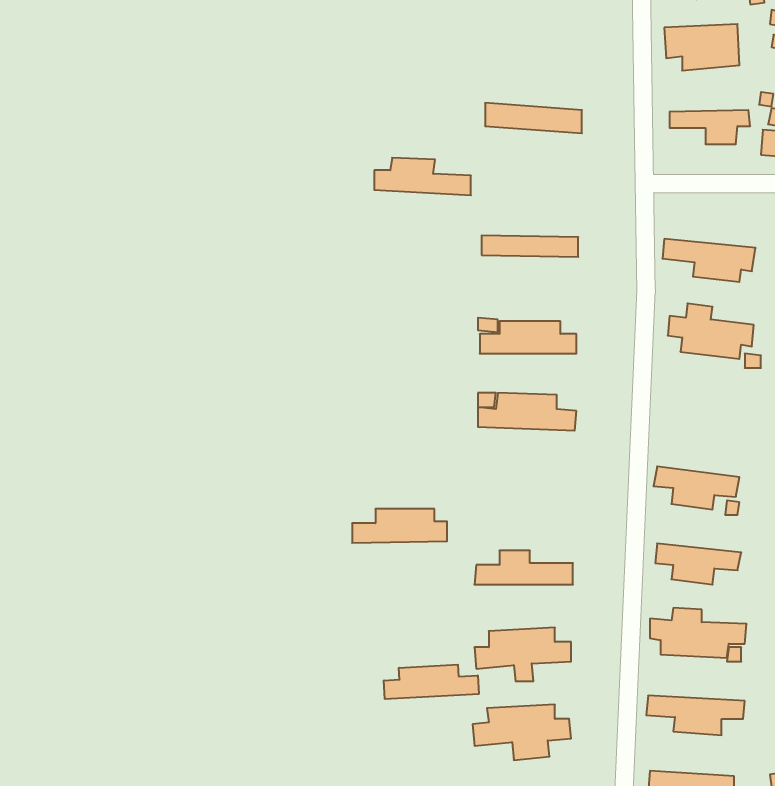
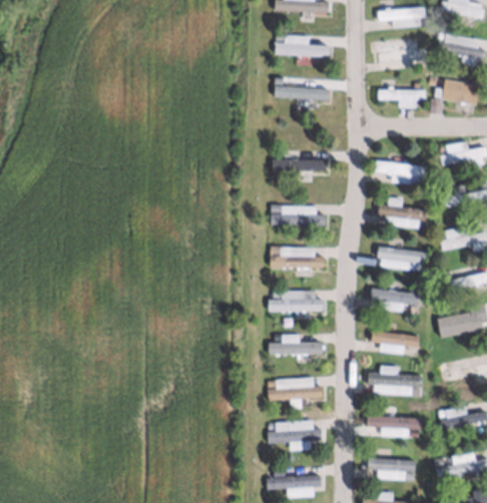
building: [374,158,471,195] -> [277,34,331,55]
building: none -> [377,246,425,271]
building: [352,509,447,543] -> [271,292,324,311]
building: [384,665,479,699] -> none

